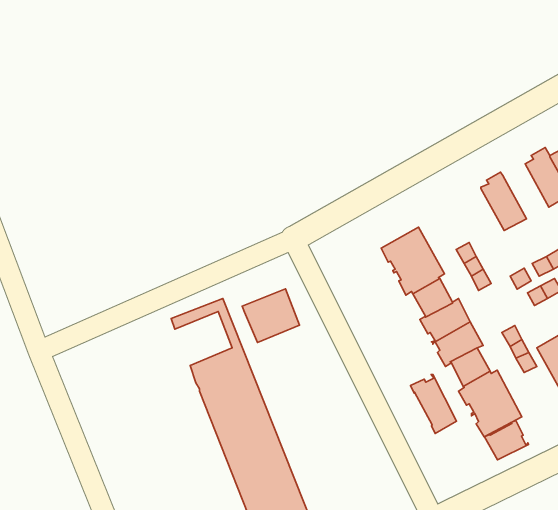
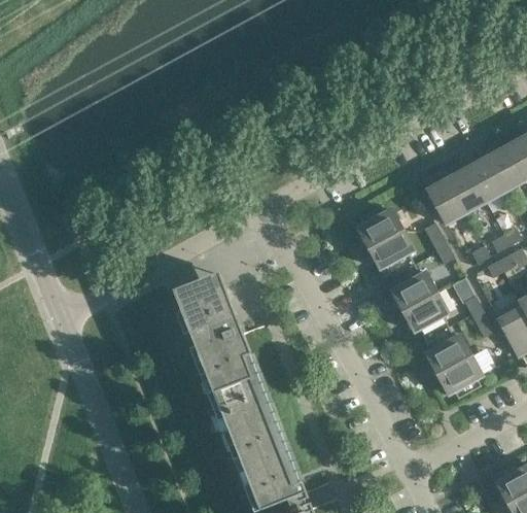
building: none -> [464,150,504,203]
building: none -> [422,172,465,225]
building: [242,289,300,343] -> [176,284,226,332]
building: [410,374,456,433] -> none
building: [484,420,528,460] -> none

